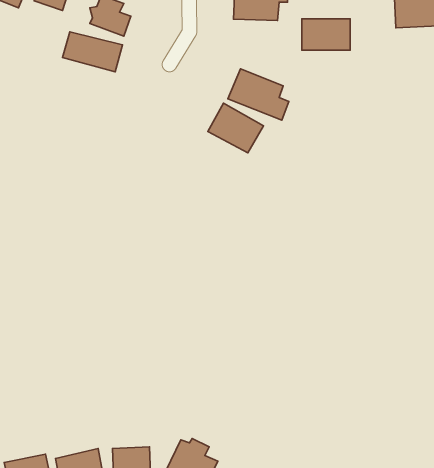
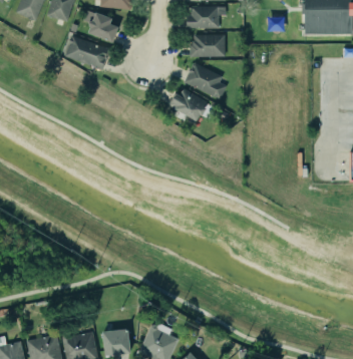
building: [302,19,350,50] -> [192,35,226,57]

